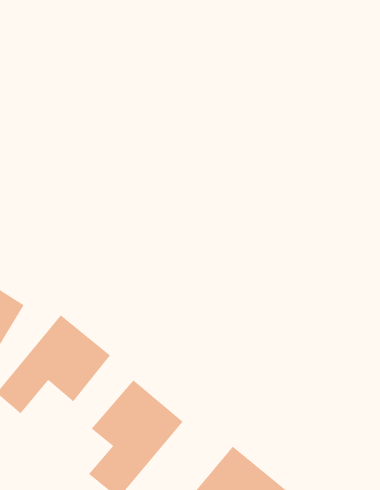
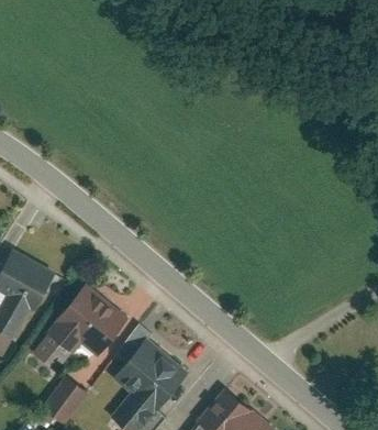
building: none -> [44,376,88,422]

